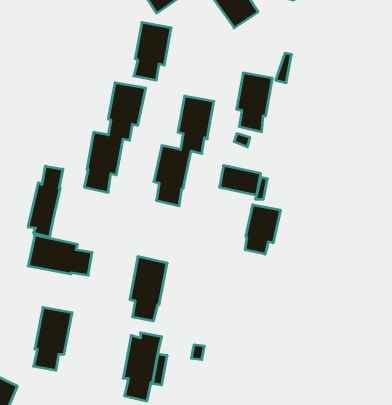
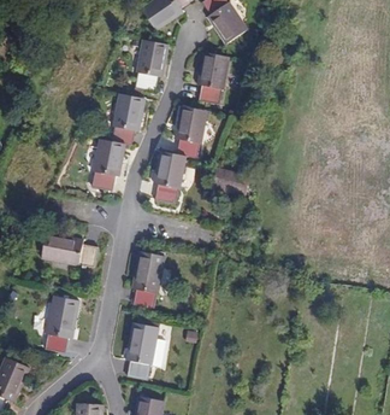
building: [236,73,272,132] -> [196,51,229,104]
building: [28,166,63,237] -> none
building: [245,205,280,254] -> none

